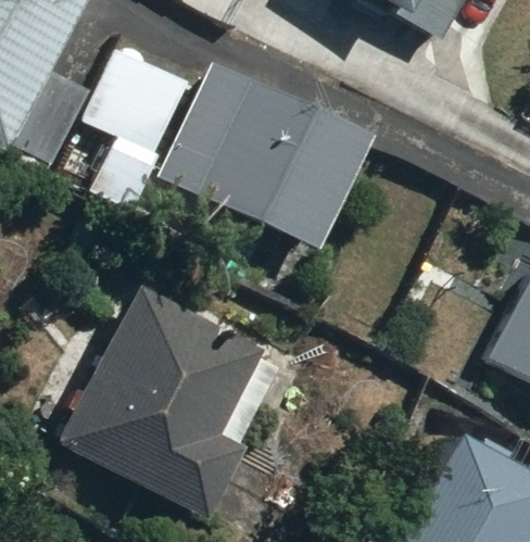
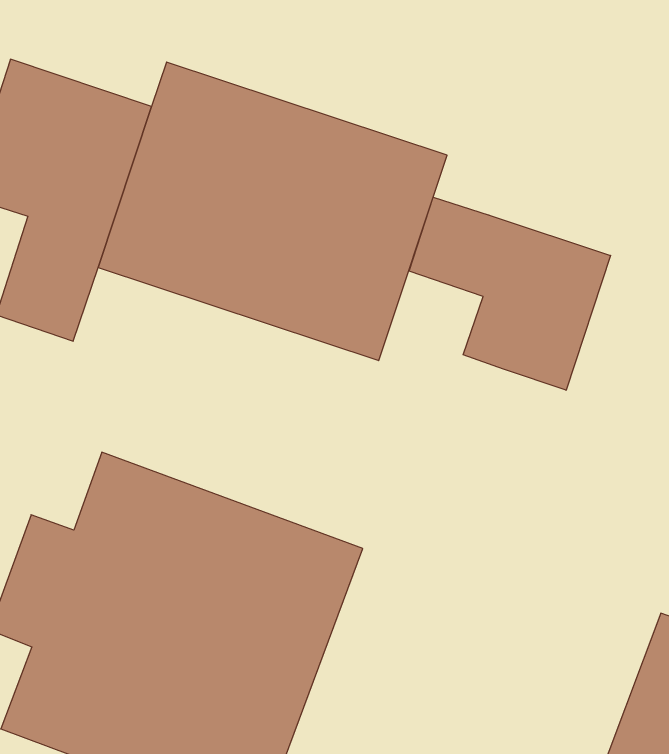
building: none -> [409,197,611,390]

